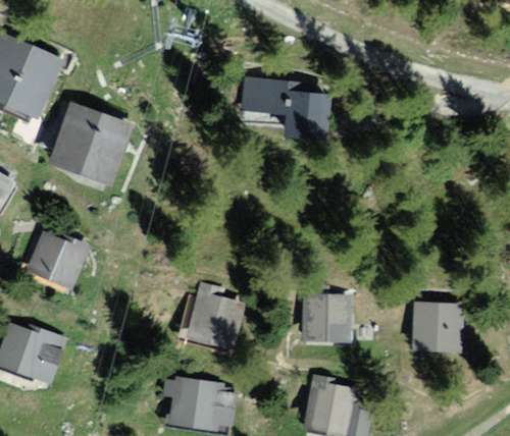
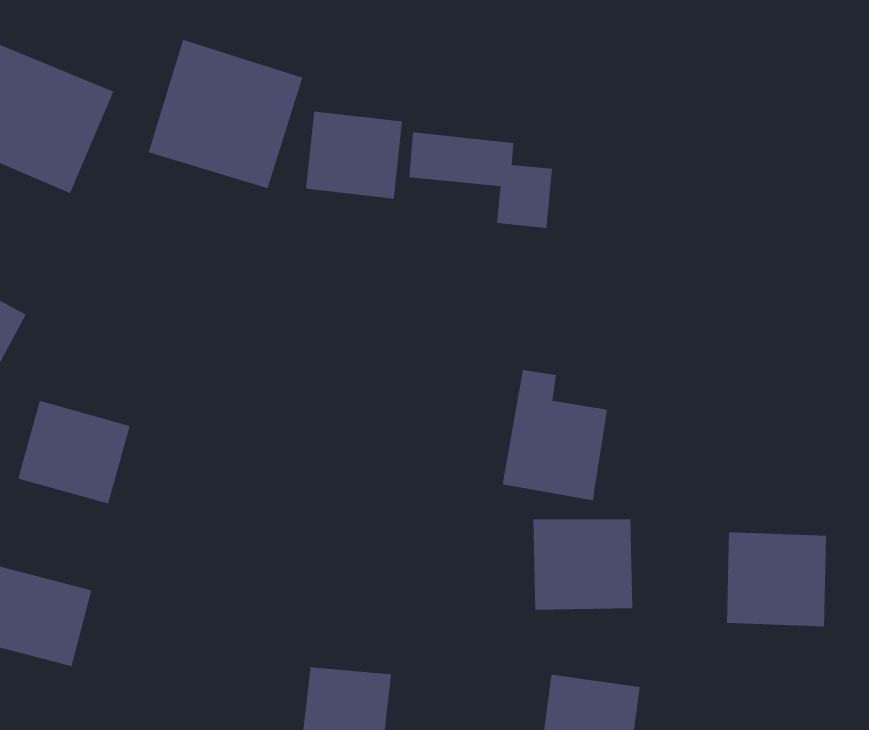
building: none -> [305,111,403,199]
building: [37,101,123,184] -> [148,39,303,189]
building: [187,278,246,351] -> [502,369,608,501]

